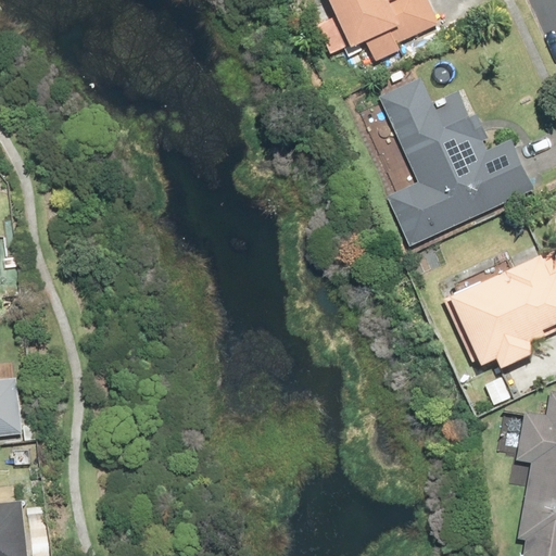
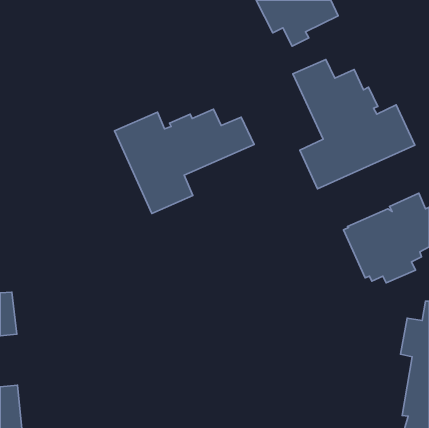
building: none -> [115,109,254,214]

